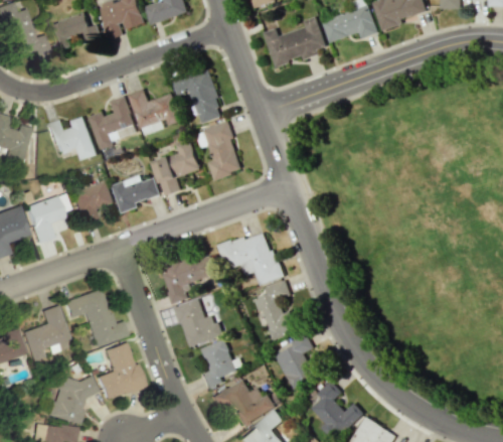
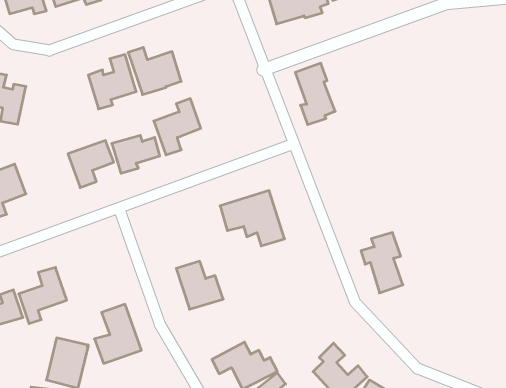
building: [172,68,223,124] -> none
building: [45,116,97,160] -> none
building: [203,120,242,180] -> [295,63,335,125]
building: [23,195,61,243] -> none
building: [161,252,220,304] -> none
building: [255,281,296,340] -> [361,233,403,293]
building: [62,290,126,347] -> none
building: [276,334,314,385] -> none
building: [200,340,237,390] -> none

